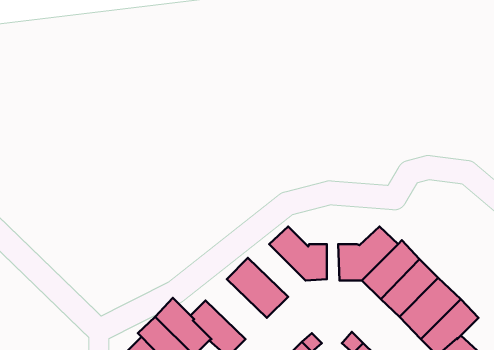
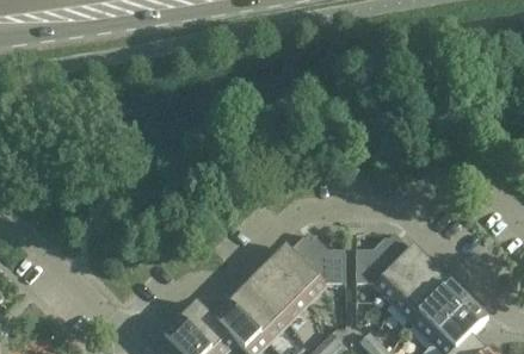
building: none -> [269,246,323,299]
building: none -> [228,282,286,340]

